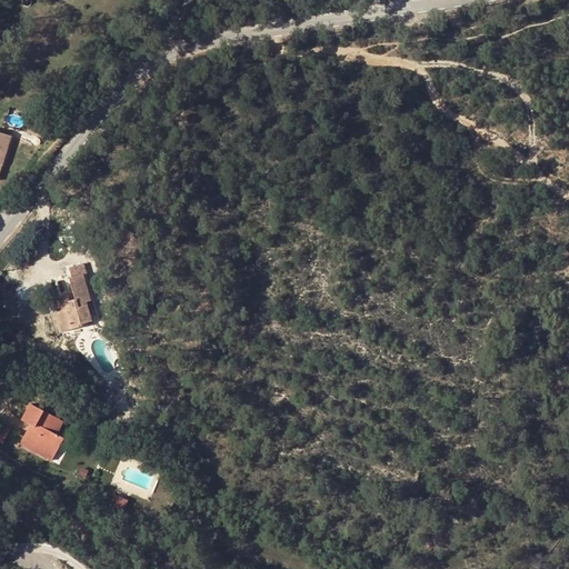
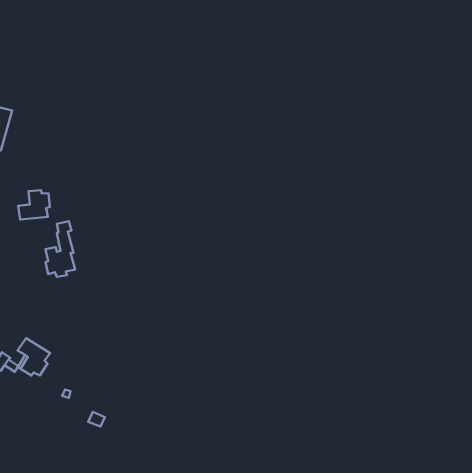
building: none -> [18,190,50,219]

